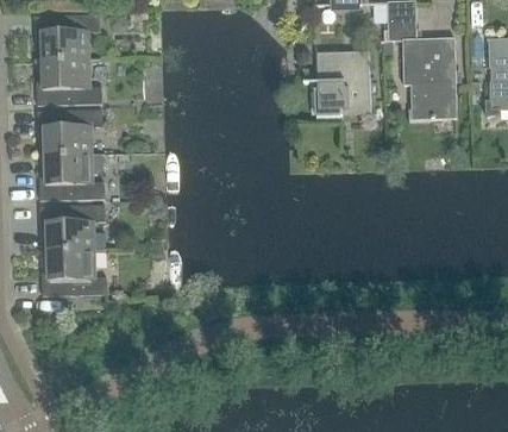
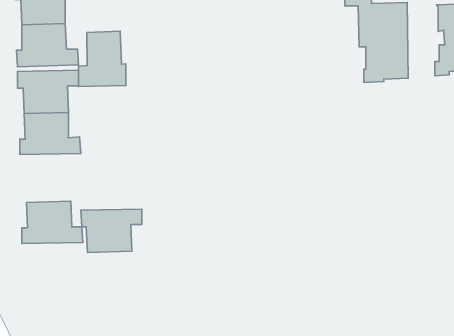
building: [313,51,370,115] -> none
building: none -> [79,31,126,86]
building: [39,205,105,251] -> [81,209,142,252]

